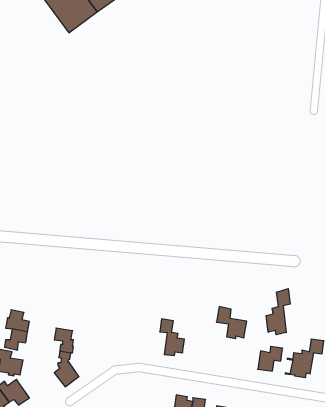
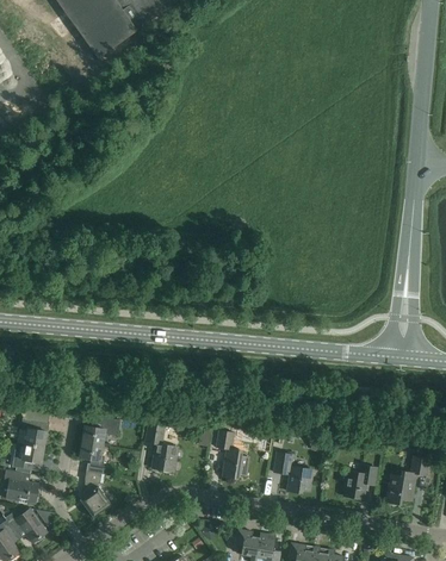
building: [266,289,290,335] -> none
building: [216,307,247,339] -> [273,451,312,493]
building: none -> [81,418,119,445]
building: none -> [144,424,178,472]

